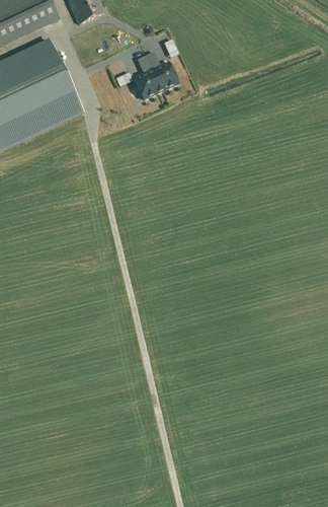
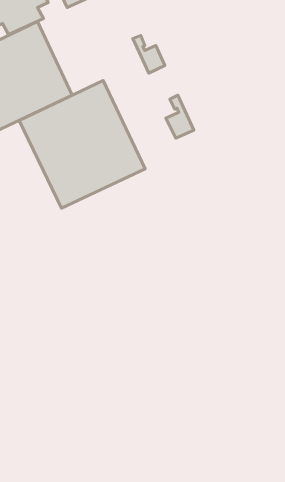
building: [134,54,162,97] -> [166,95,194,138]
building: none -> [19,80,145,208]

